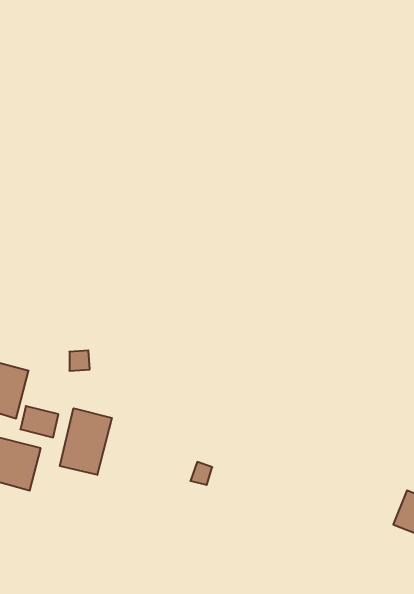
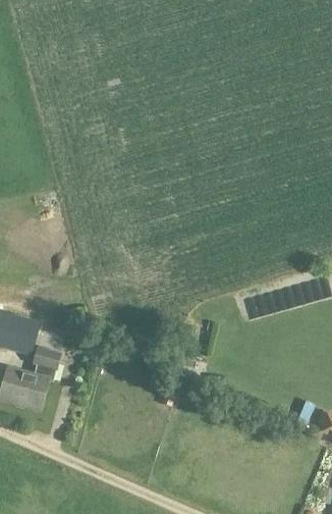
building: [60,408,112,475] -> none

